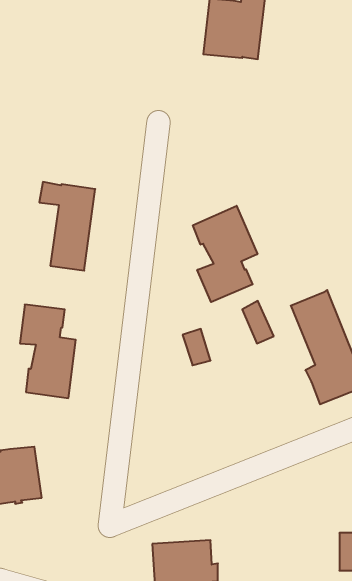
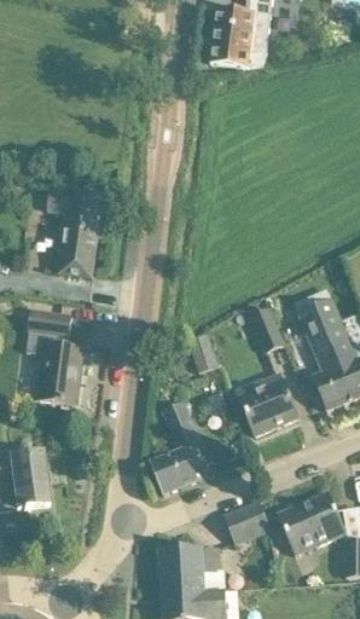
building: [193,206,257,302] -> none
building: none -> [234,371,298,434]
building: none -> [150,400,208,493]
building: none -> [278,491,347,554]
building: none -> [226,501,269,542]

